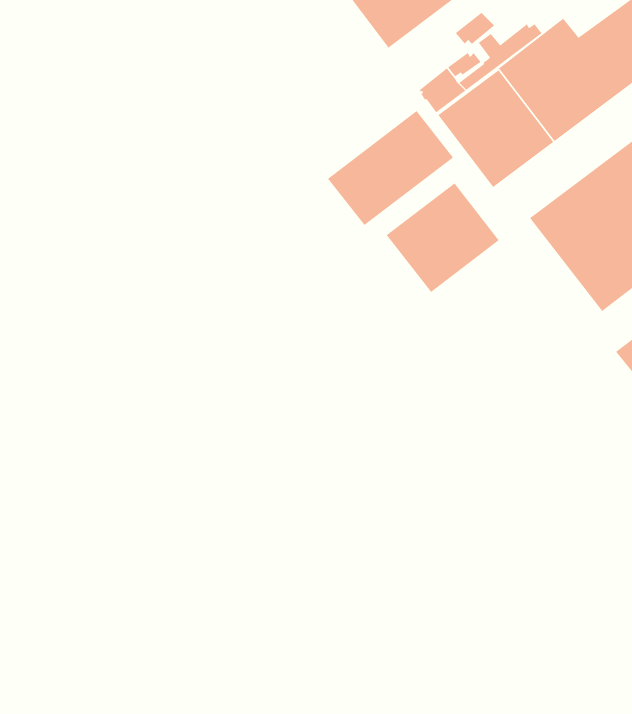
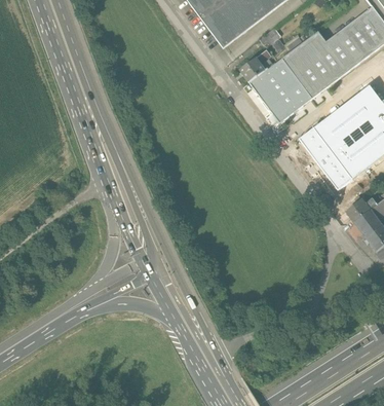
building: [327,110,454,226] -> none
building: [386,182,500,293] -> none

